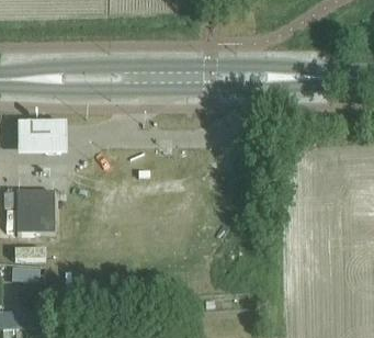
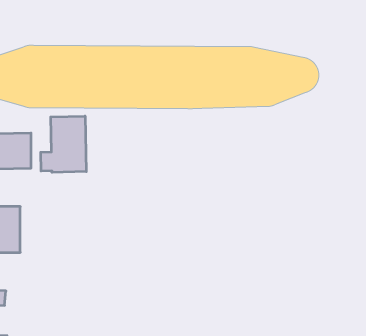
building: none -> [41,116,86,172]

